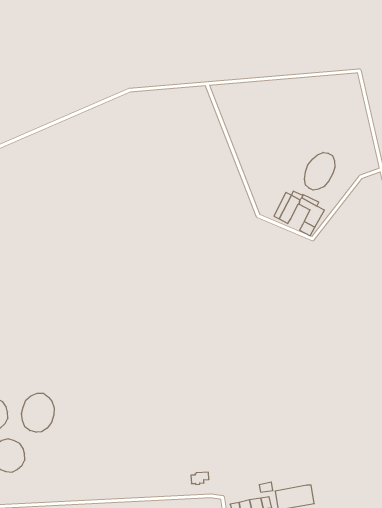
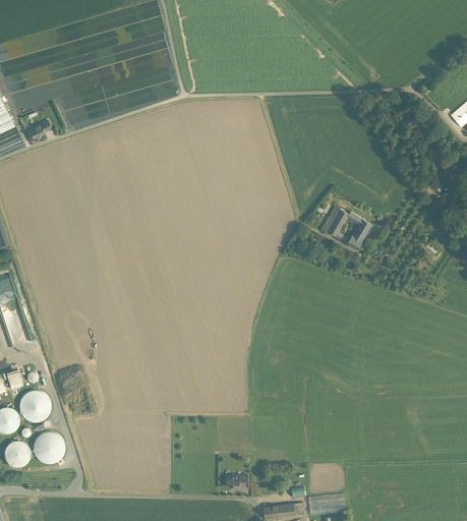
building: [305,152,335,190] -> none
building: [22,393,54,432] -> none

